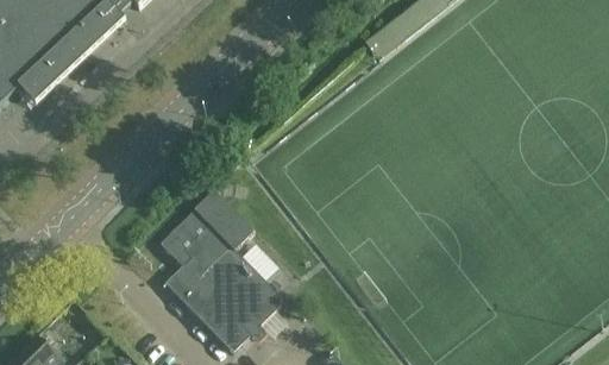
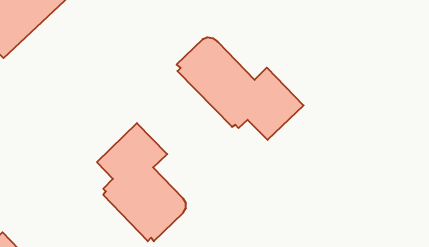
building: none -> [177,37,304,140]

